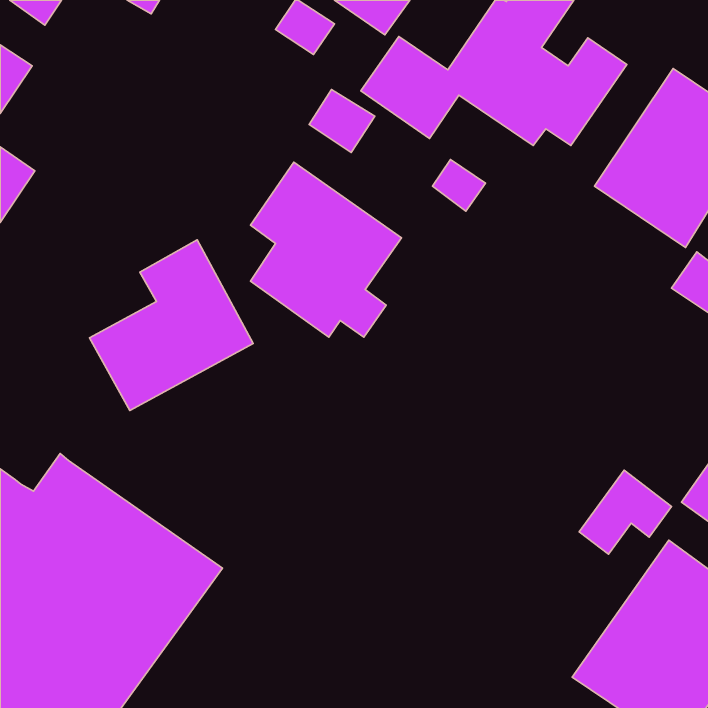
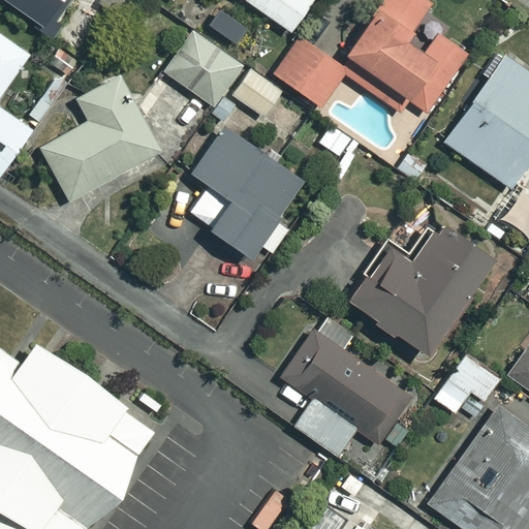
building: none -> [164,31,242,106]
building: [89,240,253,411] -> [39,75,160,201]
building: none -> [344,218,489,351]
building: none -> [283,331,411,455]

